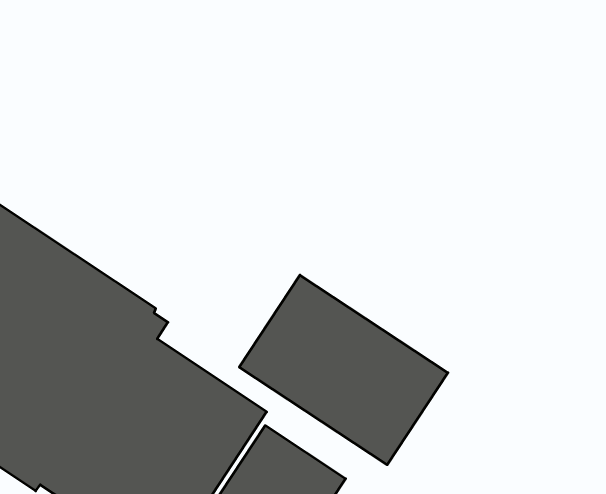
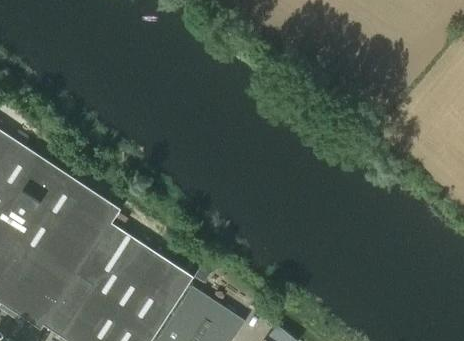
building: [239,275,448,465] -> none

